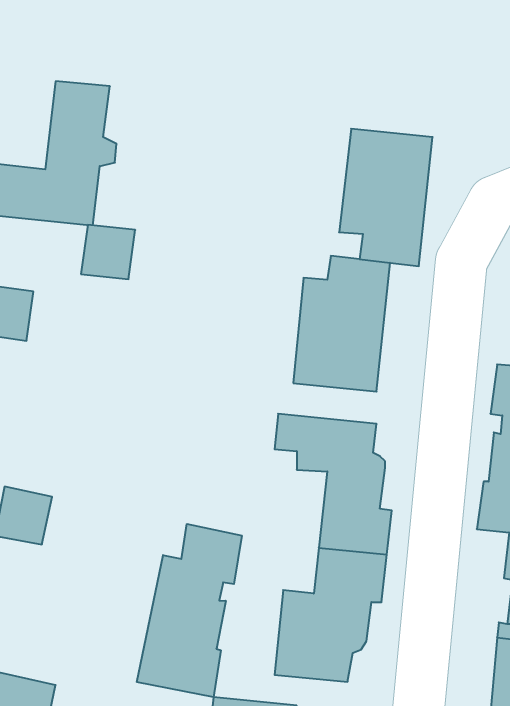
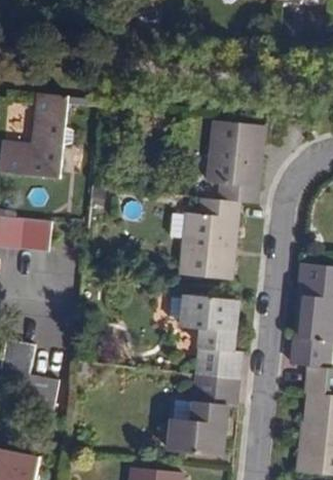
building: [81,225,135,279] -> [17,220,50,253]
building: [137,524,242,697] -> none
building: none -> [22,373,58,410]

